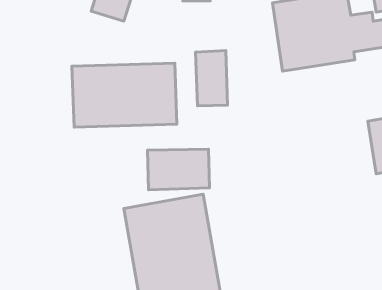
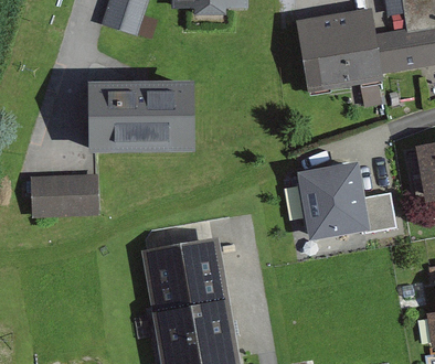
building: [196,51,227,106] -> none
building: none -> [296,161,391,242]
building: [147,149,210,190] -> [35,172,103,216]

